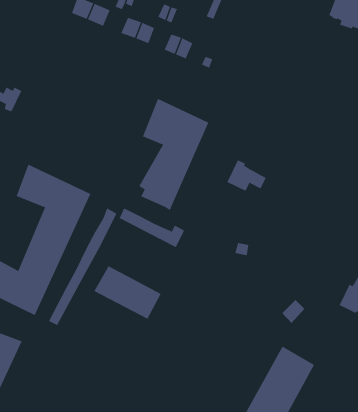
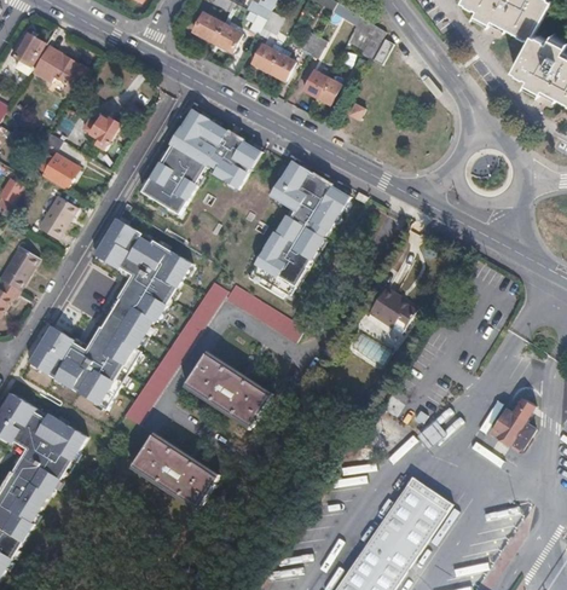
building: none -> [141,106,264,208]
building: [226,160,267,192] -> [369,287,420,328]
building: none -> [131,435,214,508]

